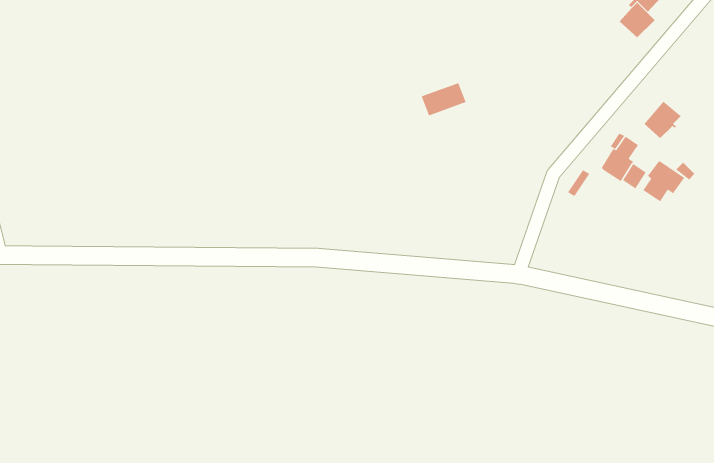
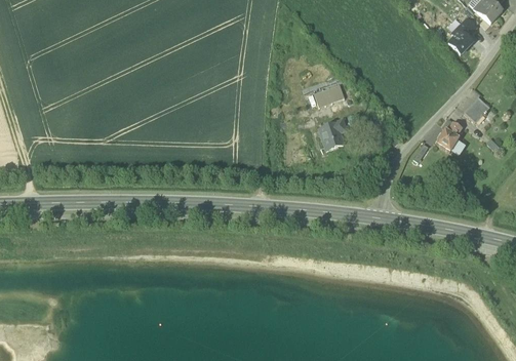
building: none -> [319,119,345,149]
building: [643,160,685,202] -> none

